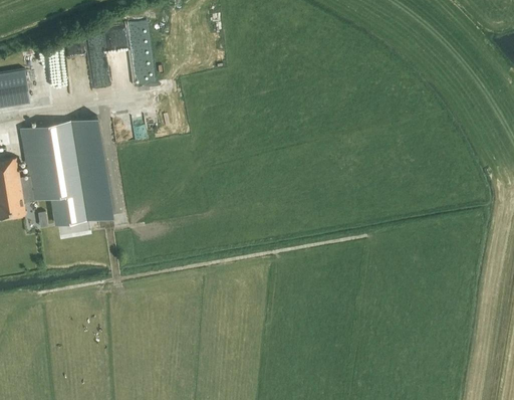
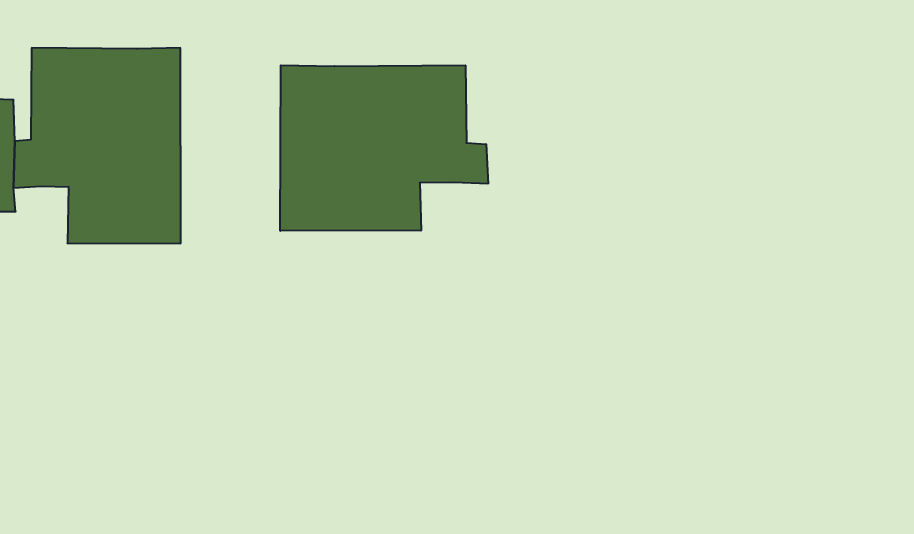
building: none -> [280,65,488,231]

